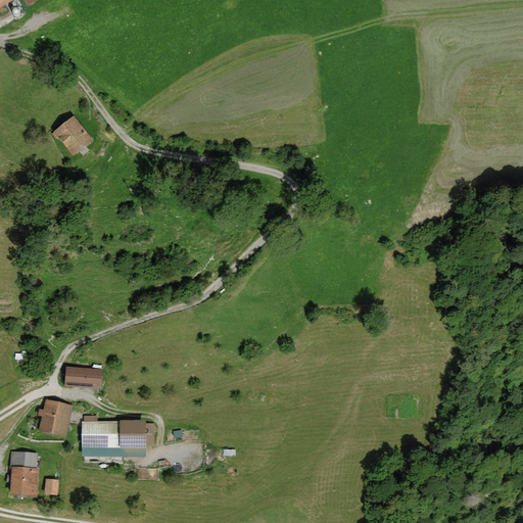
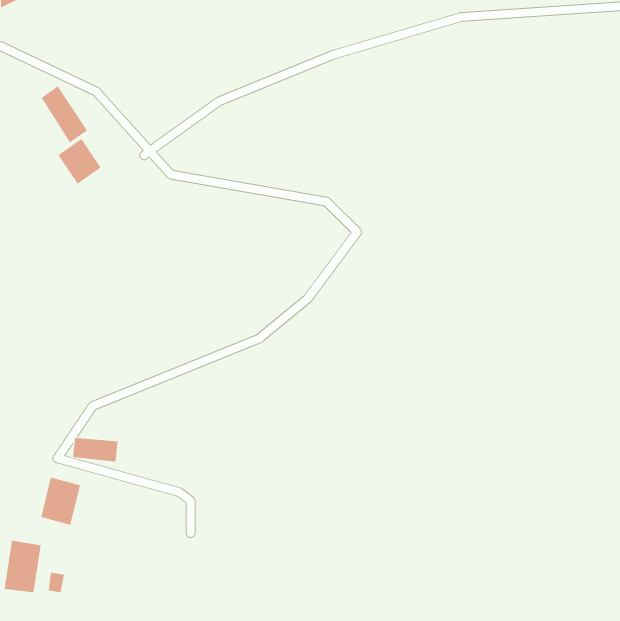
building: none -> [41,86,88,143]
building: [82,420,155,450] -> none

